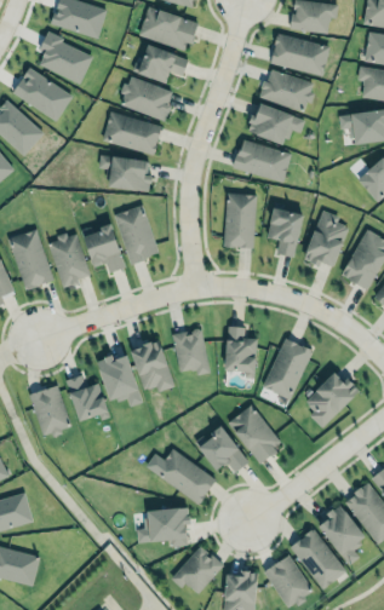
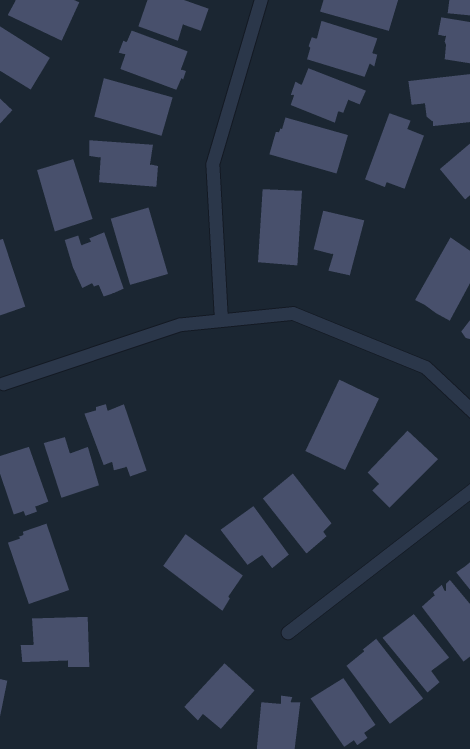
building: [304,211,349,267] -> [364,112,425,189]
building: [48,232,91,287] -> [36,158,93,232]
building: [223,322,258,378] -> none
building: [172,328,211,375] -> none
building: [131,338,173,390] -> none
building: none -> [7,523,70,605]
building: [137,508,189,546] -> [20,617,90,667]

